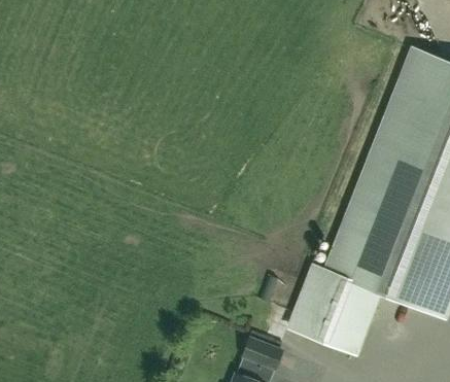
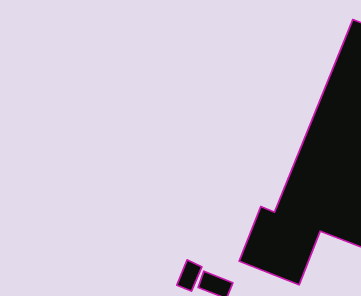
building: none -> [177,260,202,291]

